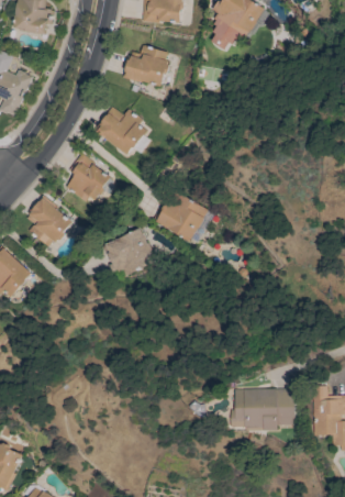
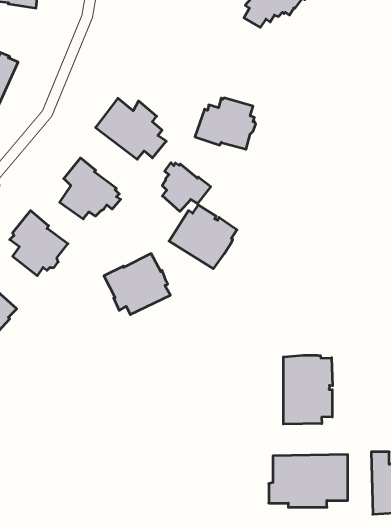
building: [122,45,170,86] -> [195,98,256,149]
building: none -> [162,163,211,211]
building: none -> [283,355,333,424]

